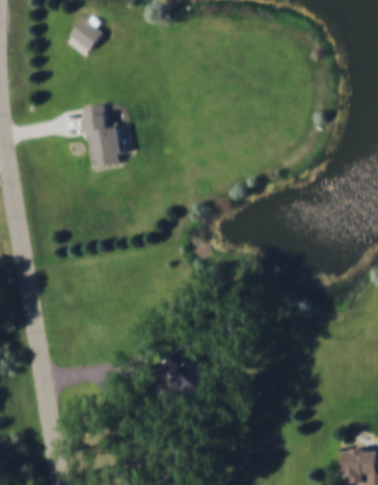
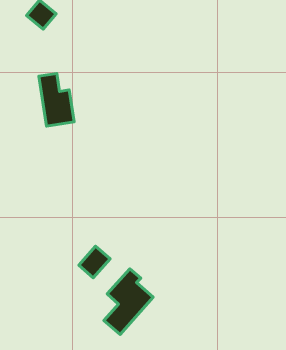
building: none -> [79,246,110,278]

